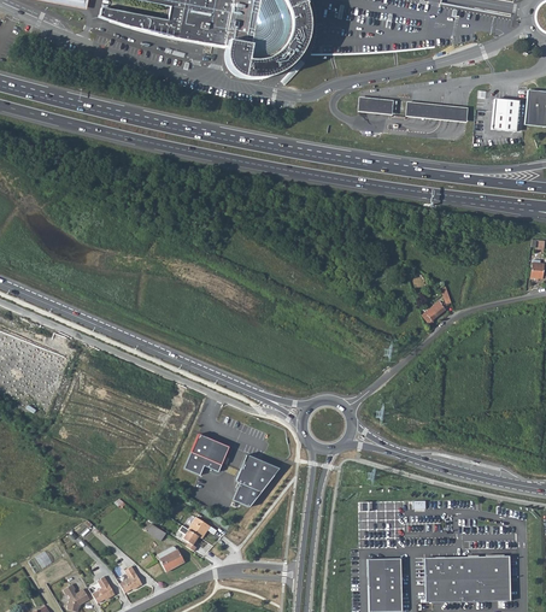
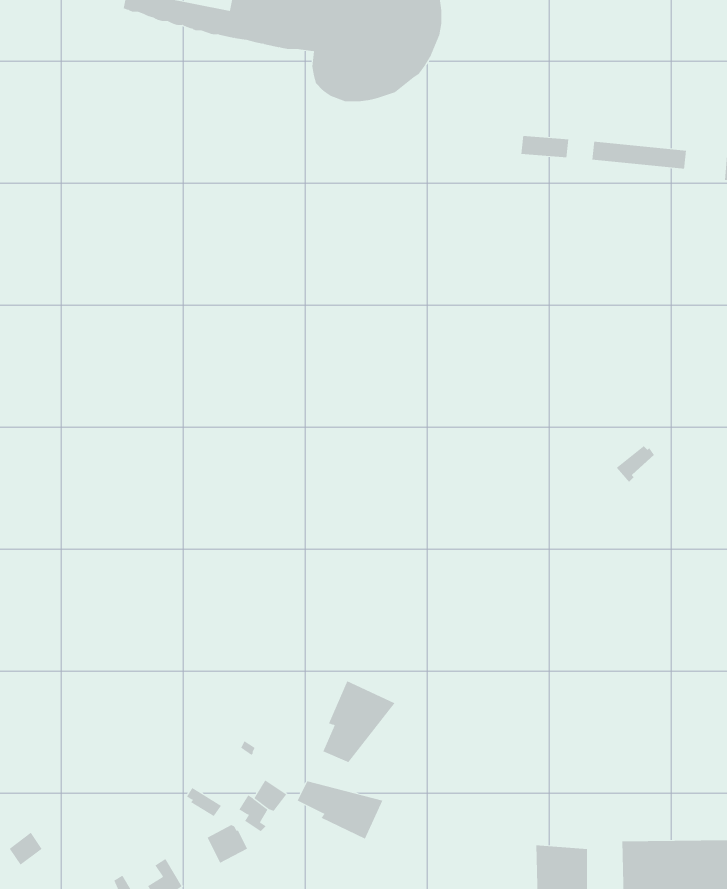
building: [184,434,229,473] -> none
building: none -> [297,781,383,839]

